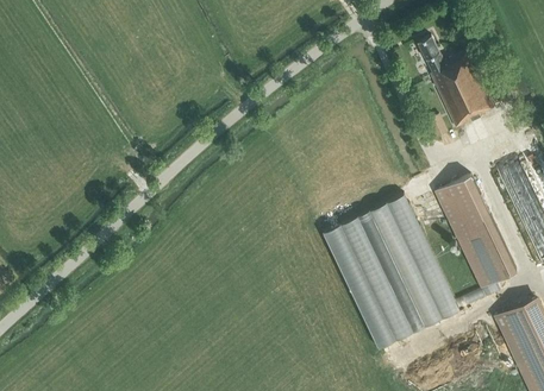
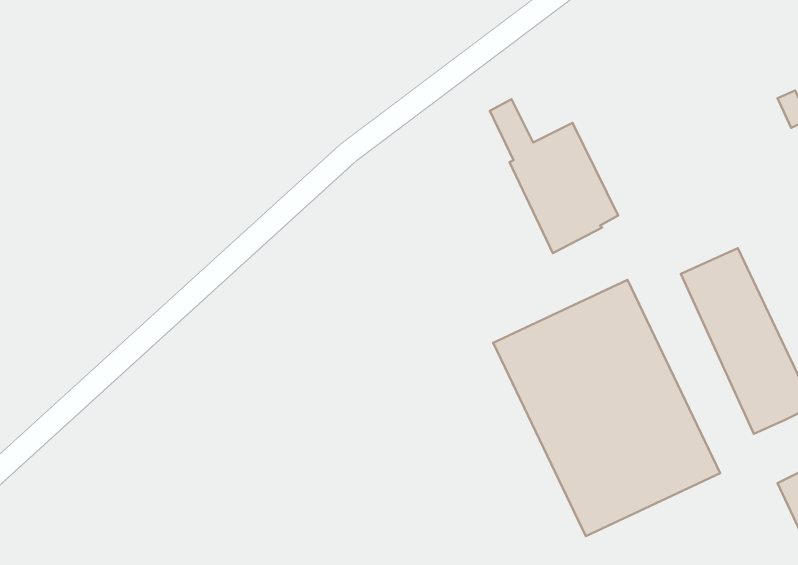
building: [418,37,495,130] -> [490,99,618,253]

